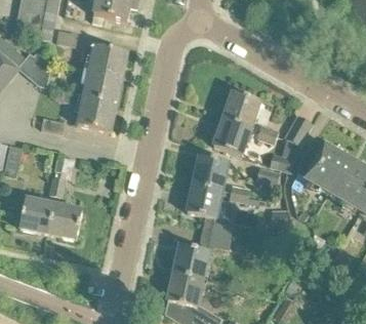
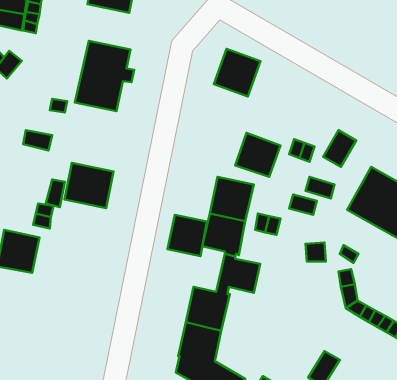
building: [222,89,260,128] -> [214,49,260,97]
building: [77,93,117,130] -> [64,163,114,208]
building: none -> [167,215,207,256]
building: [48,203,82,238] -> none

